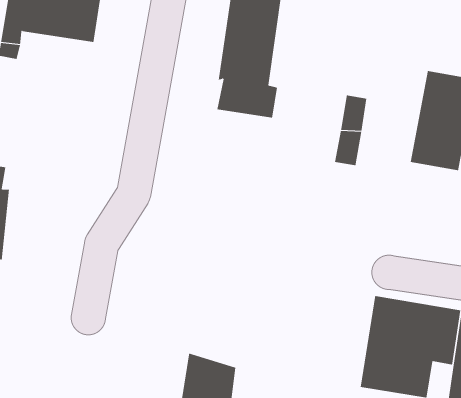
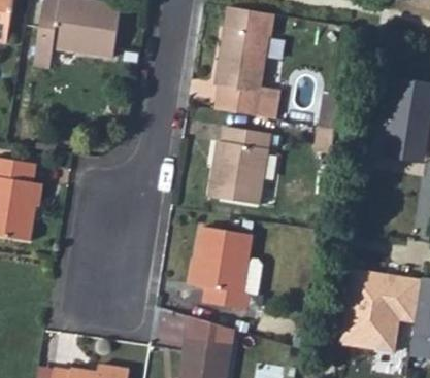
building: none -> [211,128,271,205]
building: none -> [191,228,263,314]

